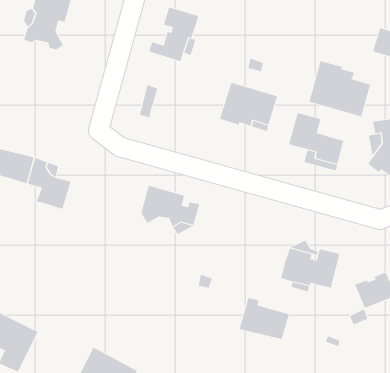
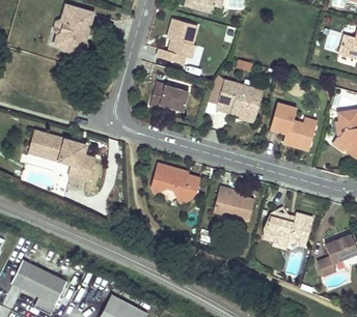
building: [309,60,371,117] -> none
building: none -> [158,83,187,110]
building: [239,297,290,339] -> [212,185,253,220]

